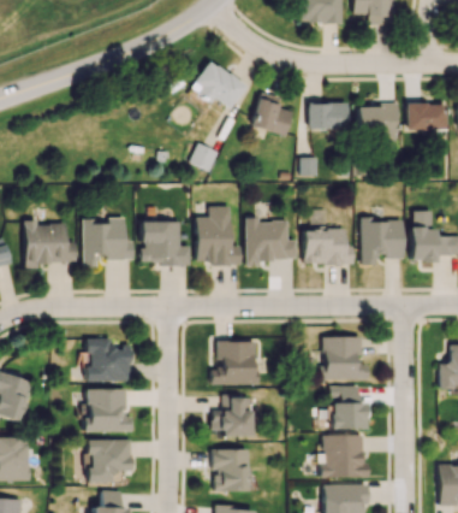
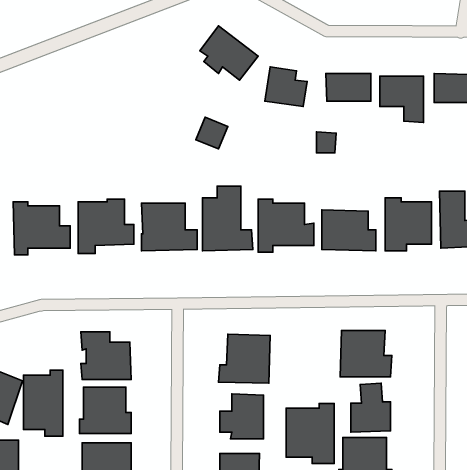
building: none -> [23,370,63,436]
building: none -> [286,404,334,463]

